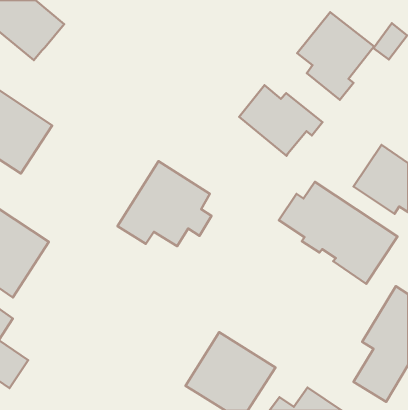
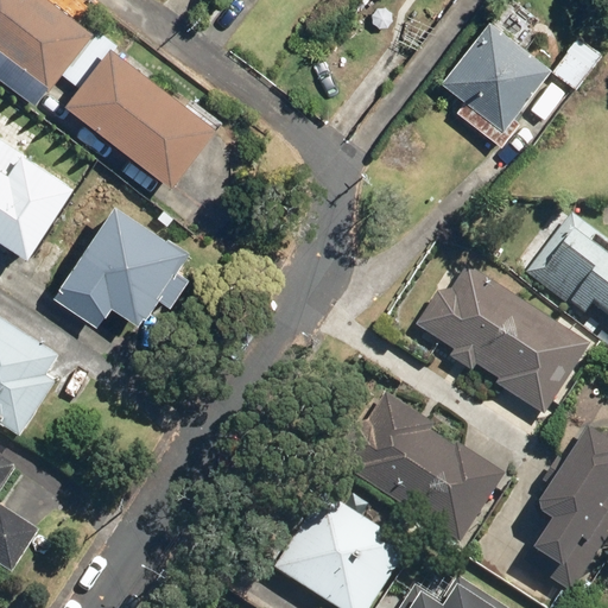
building: none -> [62,30,221,191]
building: [239,85,322,156] -> none
building: [118,161,212,246] -> [57,201,196,327]
building: none -> [336,391,505,544]

